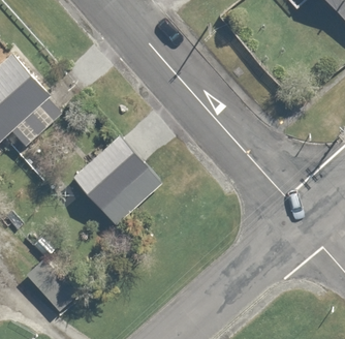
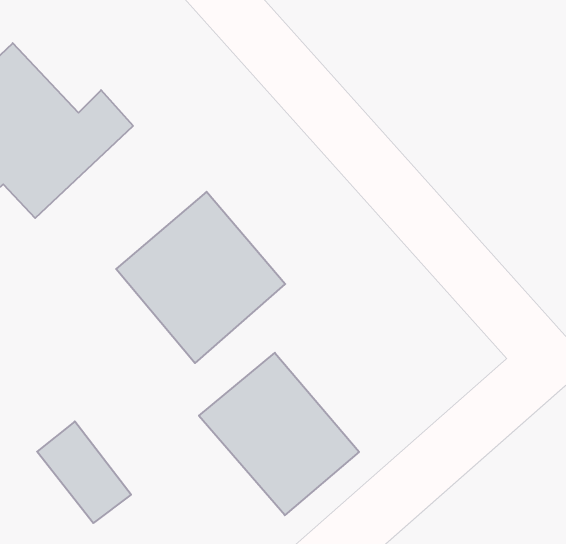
building: none -> [199,353,359,515]

